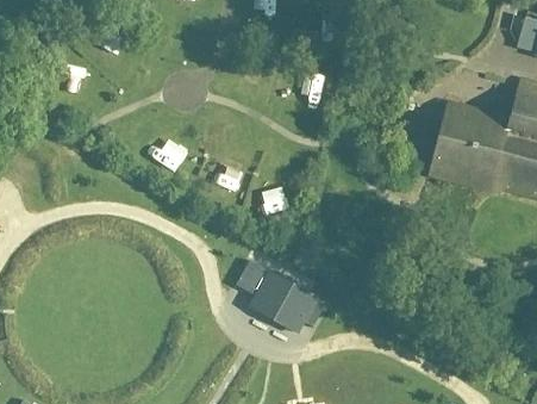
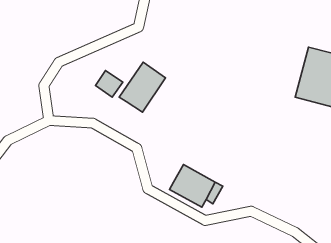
building: none -> [119,62,166,112]
building: [236,259,271,296] -> none

